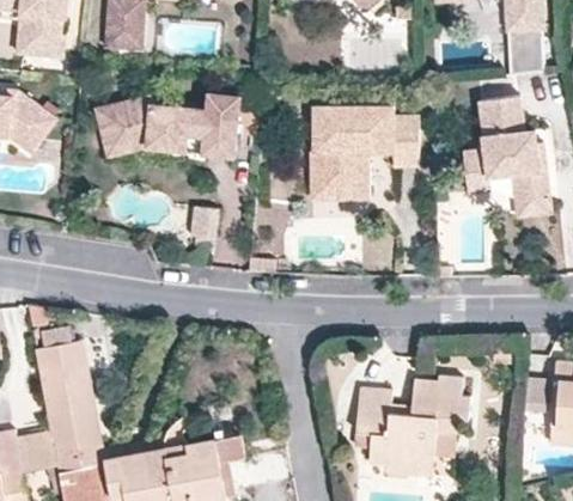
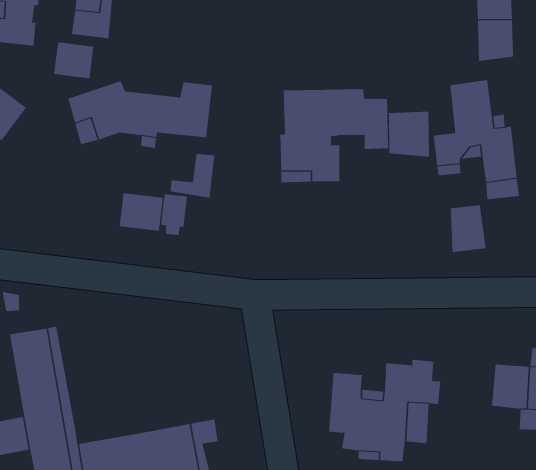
building: none -> [54,42,94,79]
building: none -> [389,111,429,158]
building: none -> [170,153,215,198]
building: none -> [119,192,164,231]
building: none -> [450,204,486,253]

